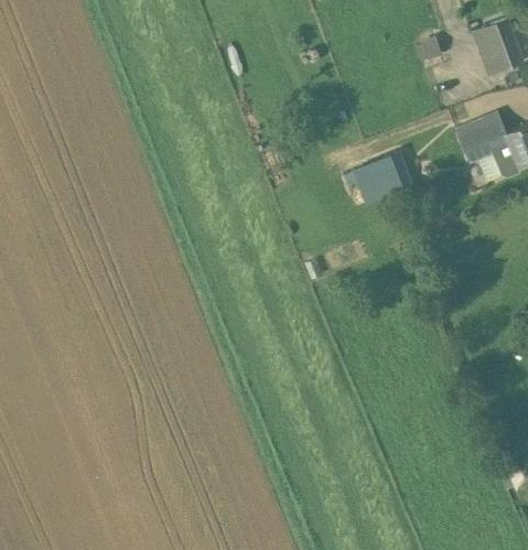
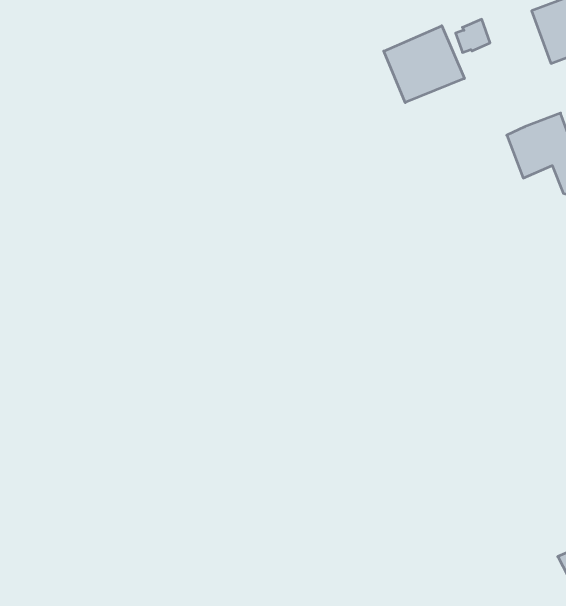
building: none -> [384,26,464,103]
building: [356,153,408,204] -> none

